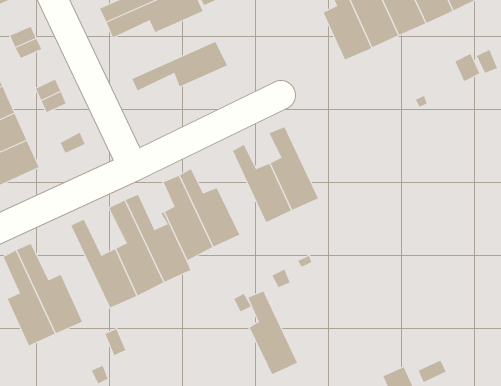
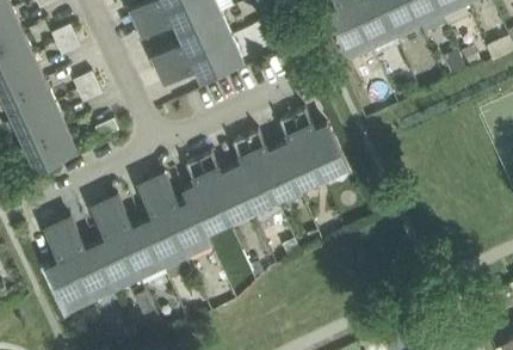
building: none -> [150,14,231,74]
building: none -> [292,110,345,179]
building: none -> [91,203,138,288]
building: [247,291,298,375] -> [231,137,276,211]

